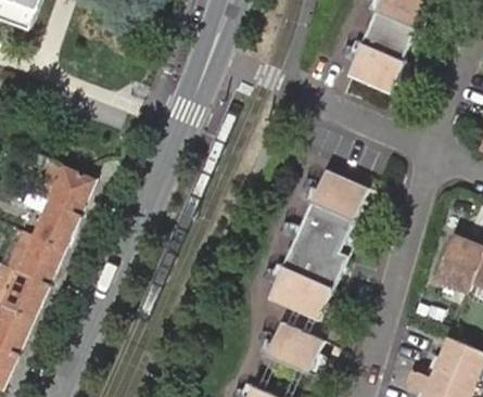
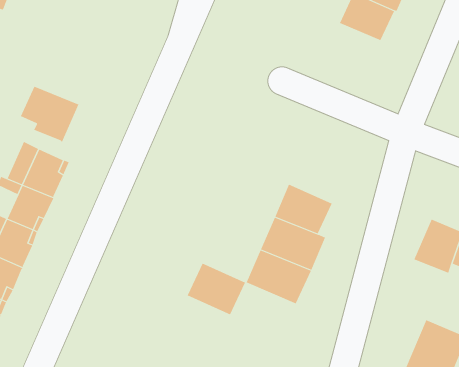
building: [346,42,404,95] -> none
building: none -> [20,86,79,143]
building: [310,169,368,221] -> none
building: [265,322,323,374] -> [187,263,246,315]

